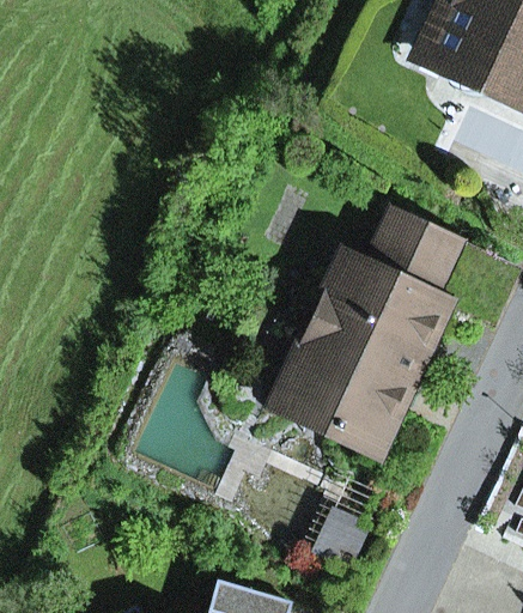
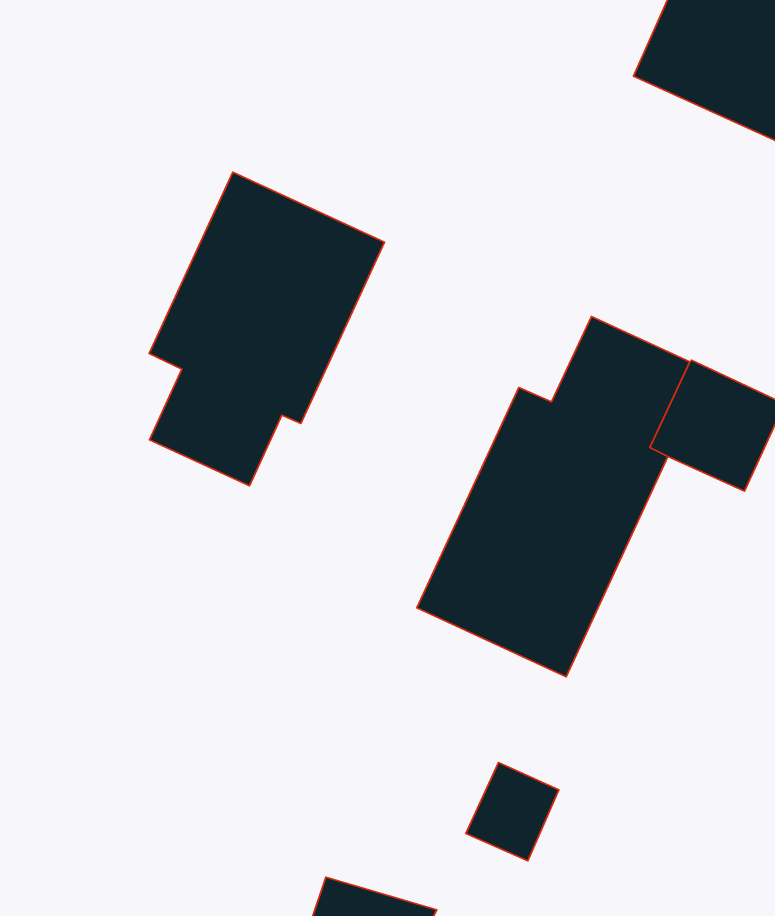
building: none -> [149,172,385,486]

